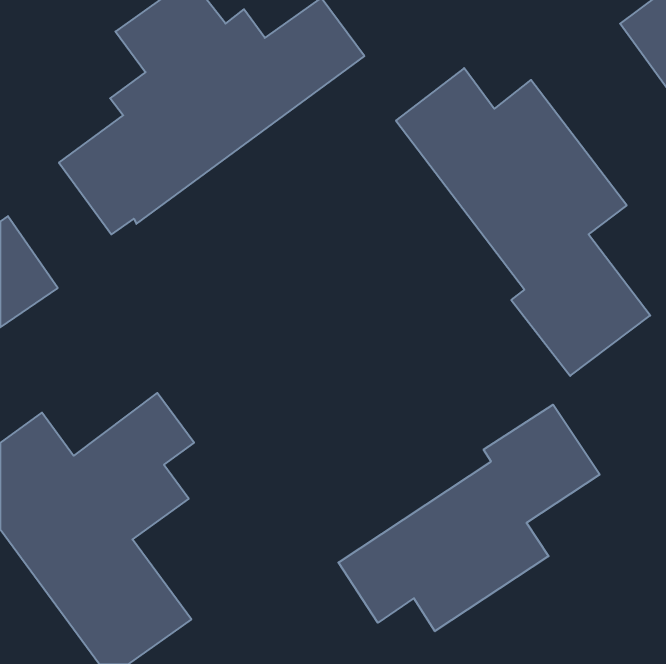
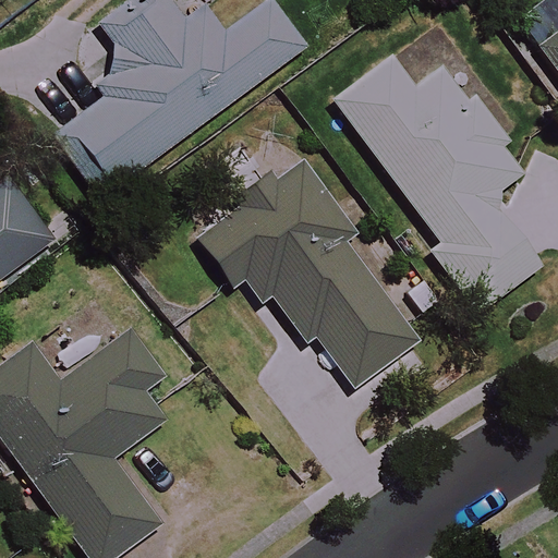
building: none -> [198,155,422,385]
building: [338,405,600,631] -> none

